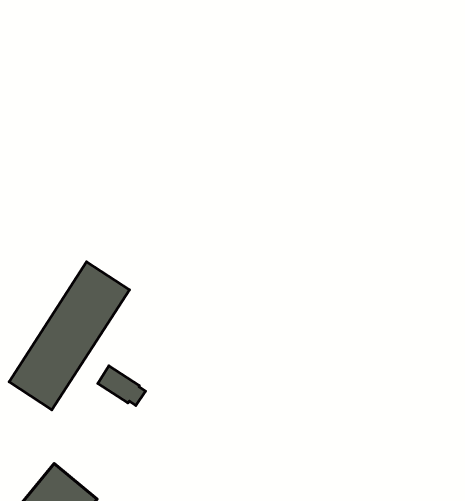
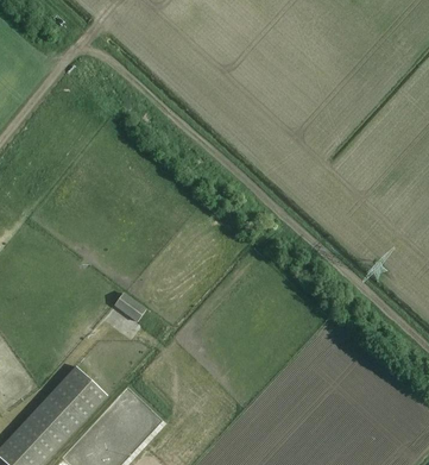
building: [9,262,129,410] -> none

